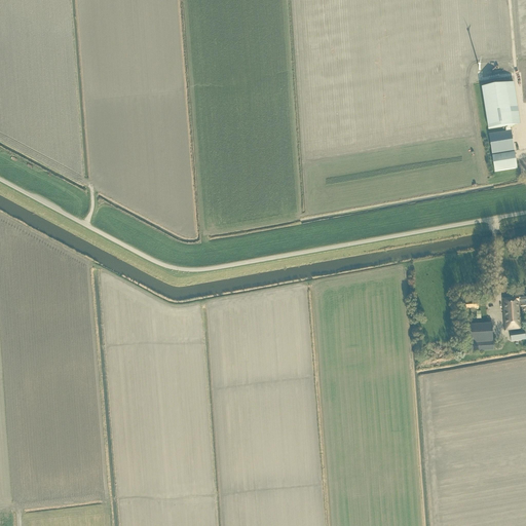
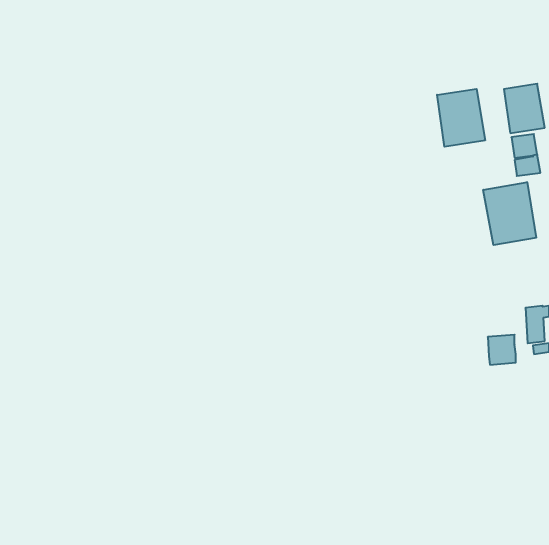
building: none -> [437,89,485,147]
building: none -> [483,182,536,245]

